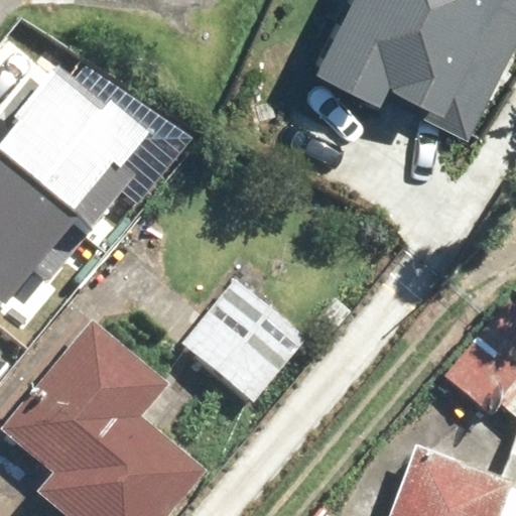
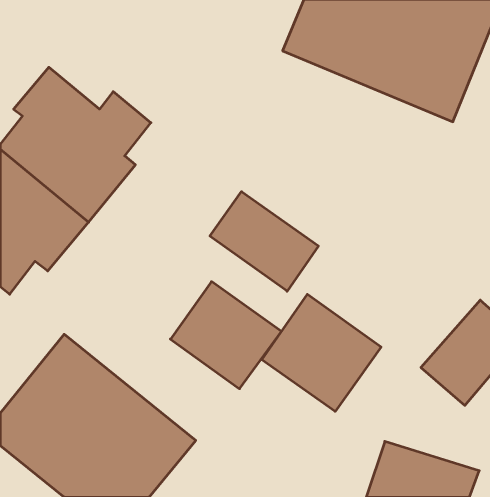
building: none -> [210,192,318,291]
building: none -> [262,294,381,411]

